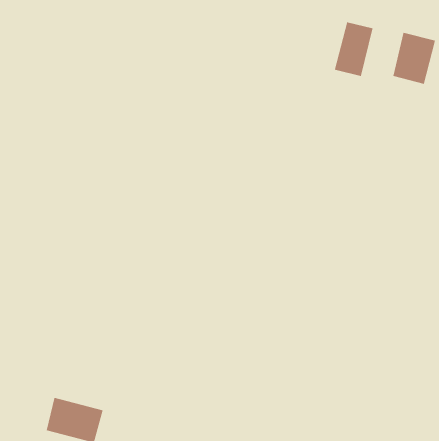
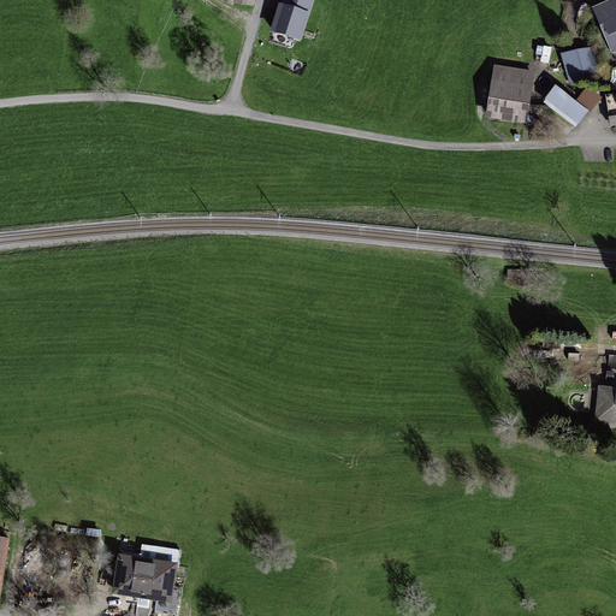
building: [334,21,373,77] -> none

